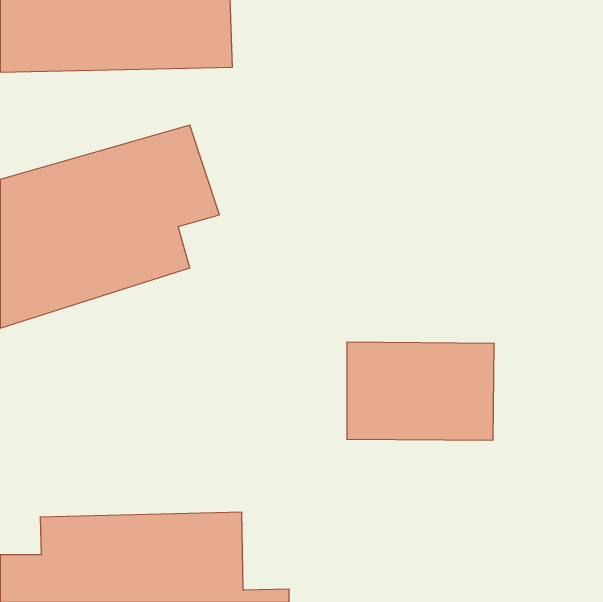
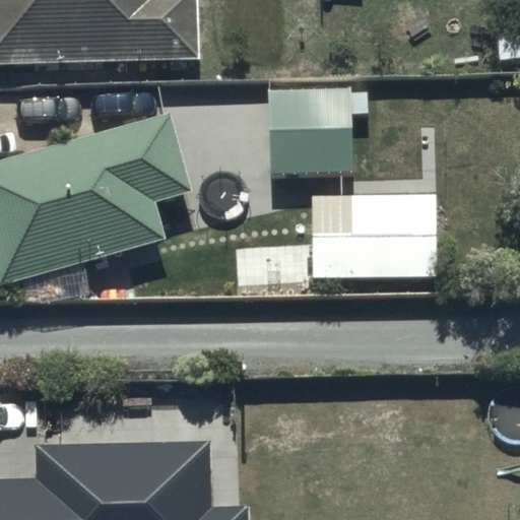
building: none -> [268,95,352,182]
building: [347,342,494,440] -> [302,202,429,286]

